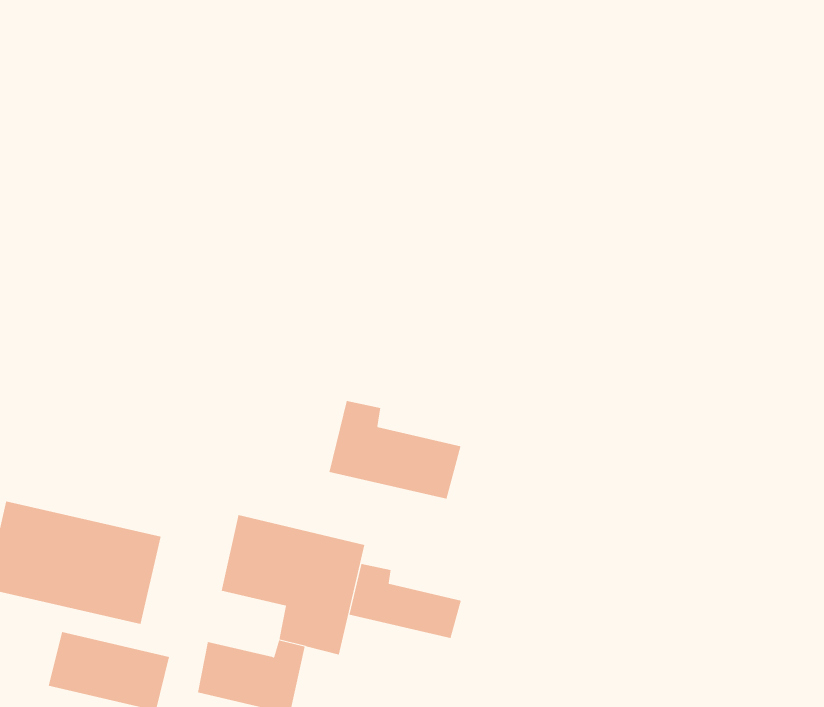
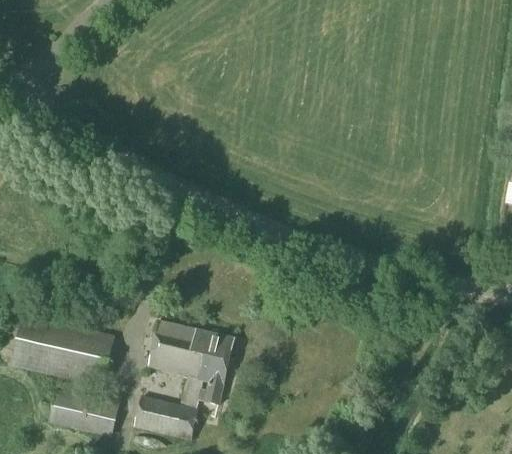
building: [329,400,461,500] -> none
building: [349,563,461,639] -> none

